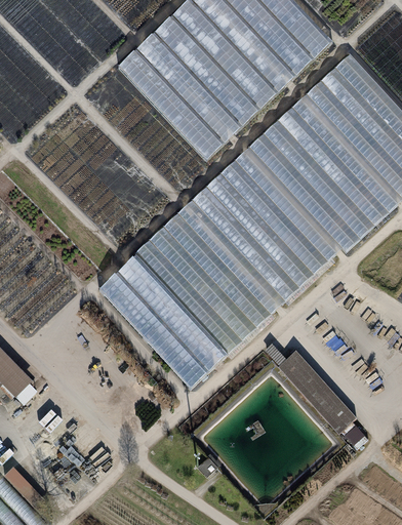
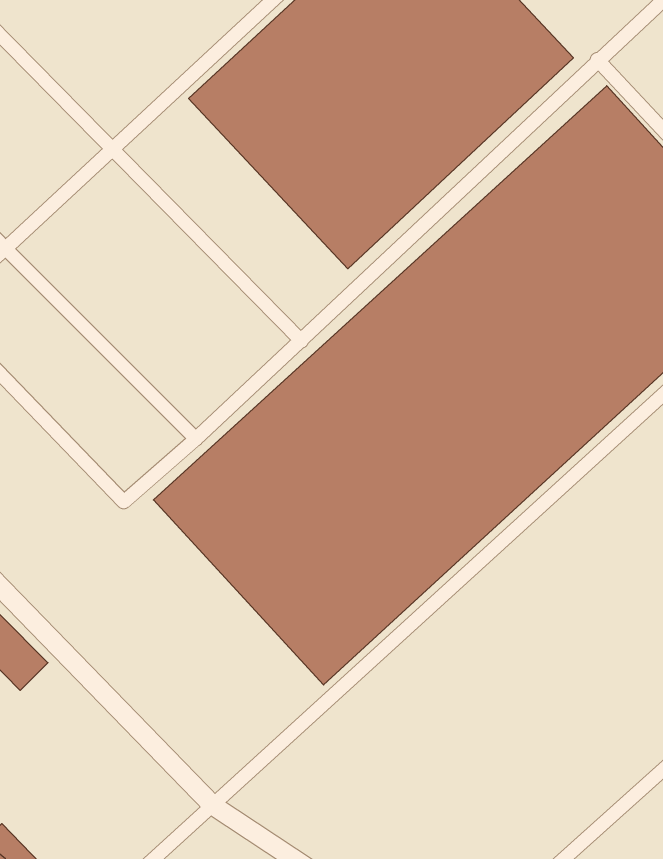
building: [278,350,364,442] -> none

